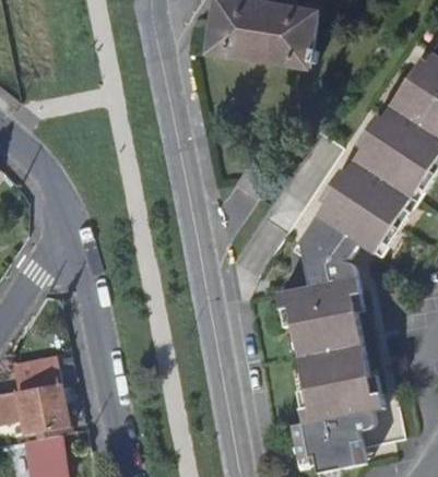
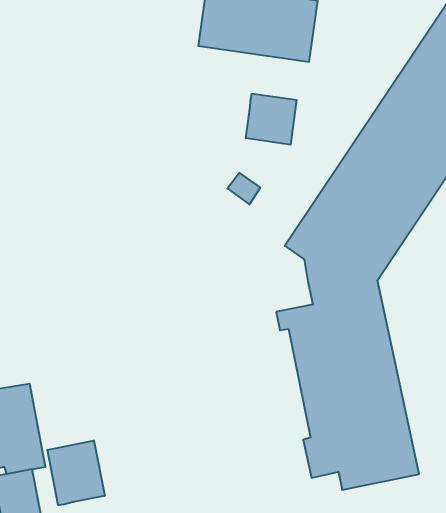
building: none -> [246,94,297,145]
building: none -> [47,440,105,505]

